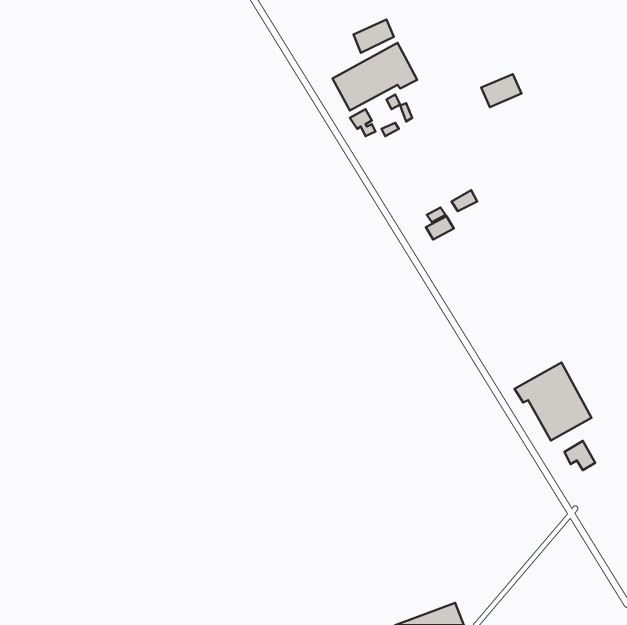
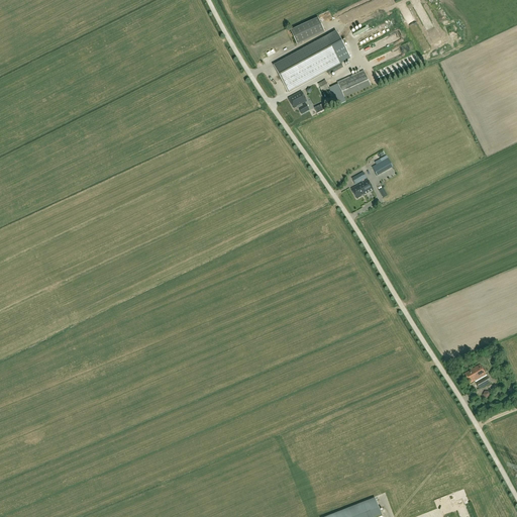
building: [481,74,522,107] -> [337,69,371,96]
building: [515,362,591,441] -> none

